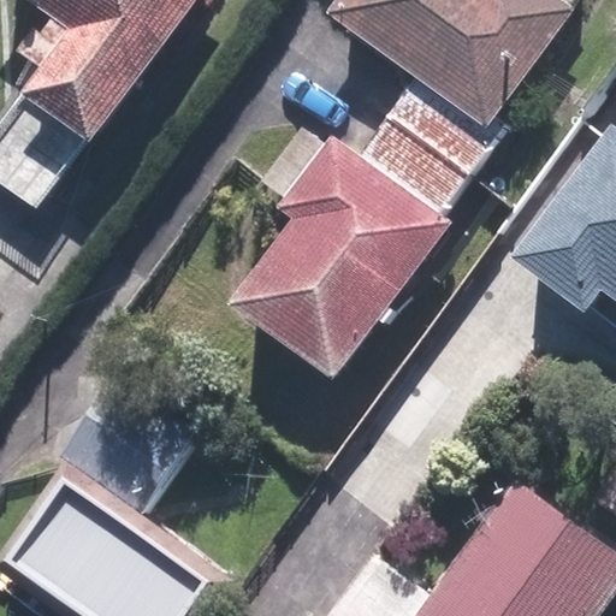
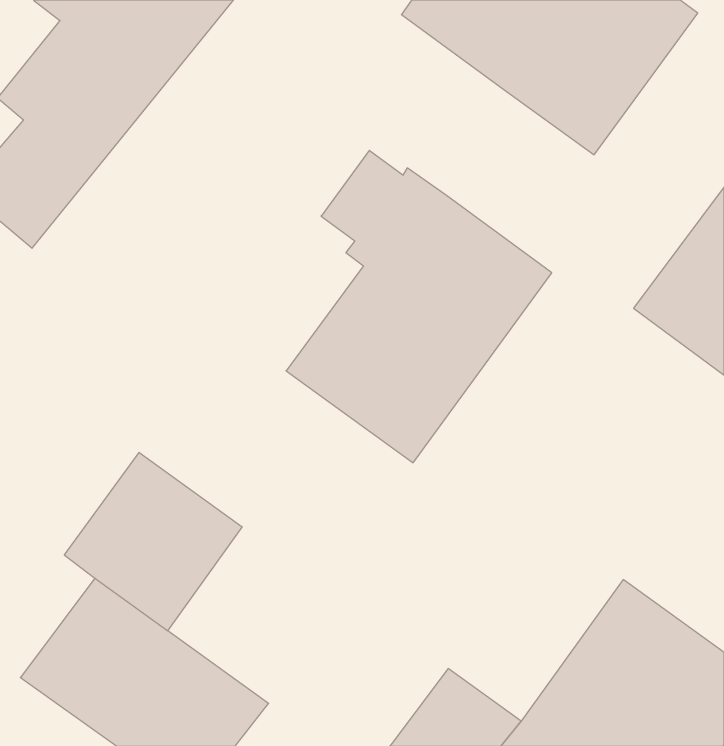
building: [359,75,499,214] -> none

